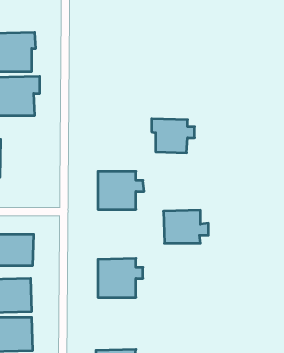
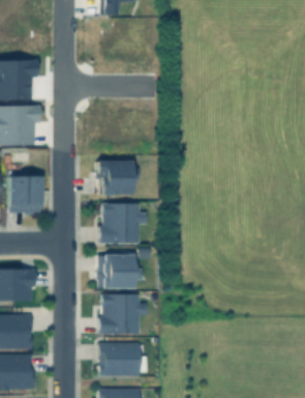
building: [152,119,195,153] -> [96,160,141,195]
building: none -> [8,175,43,214]
building: [163,210,208,243] -> [97,254,144,288]
building: none -> [99,343,141,375]

